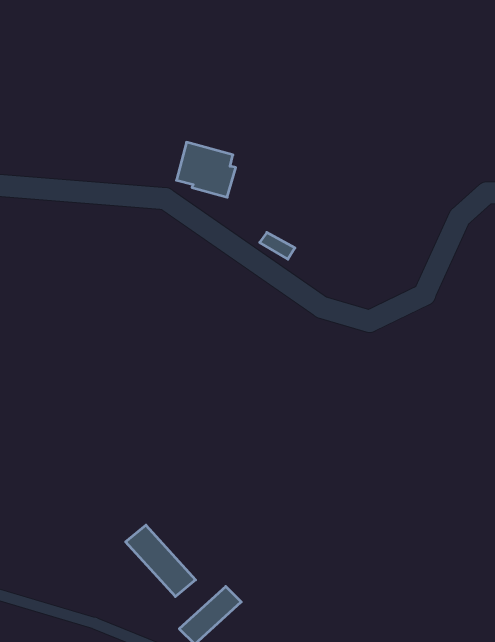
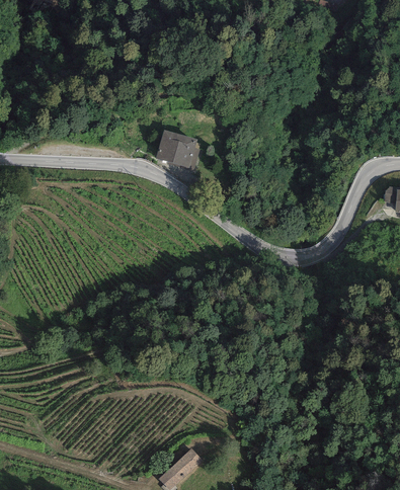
building: [126,525,196,597] -> none

